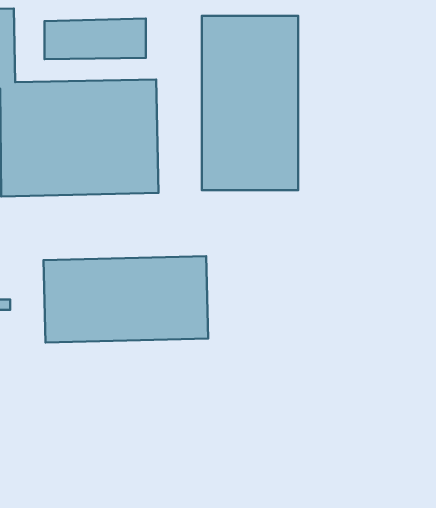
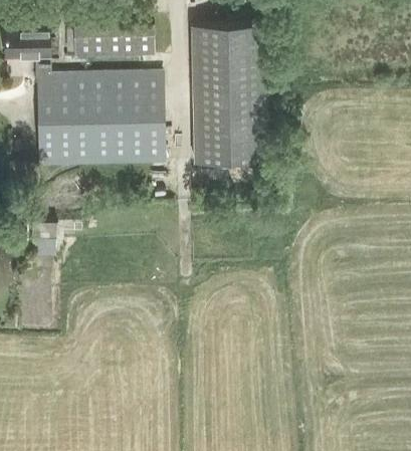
building: [43,256,208,342] -> none

